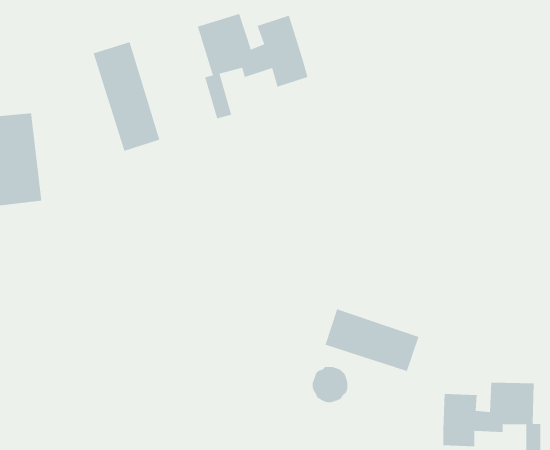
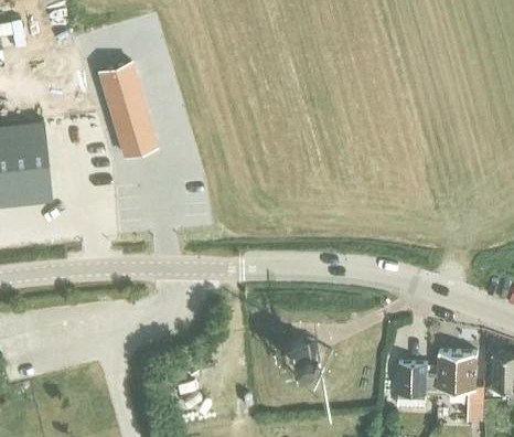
building: [197,13,308,119] -> none
building: [325,309,419,372] -> none

